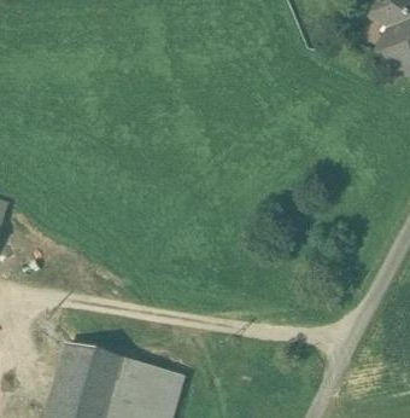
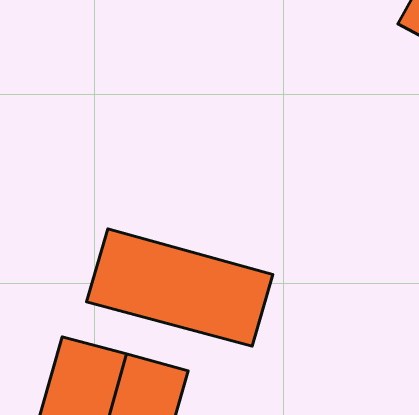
building: none -> [87,229,273,346]

